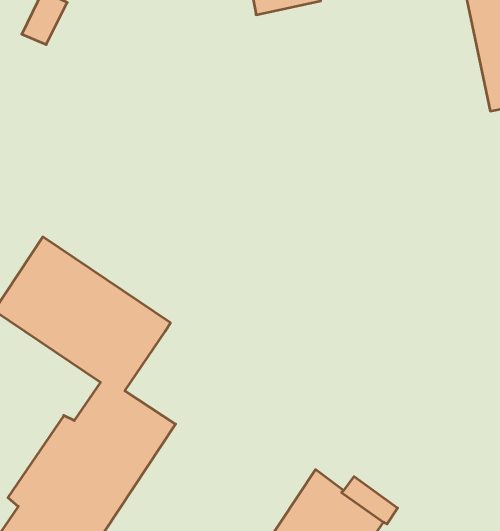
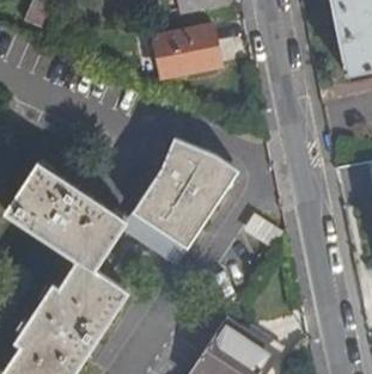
building: none -> [154,24,222,79]
building: none -> [122,139,243,265]

